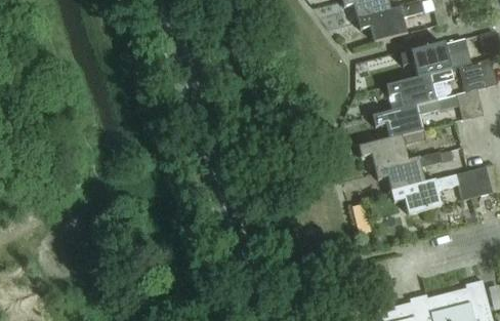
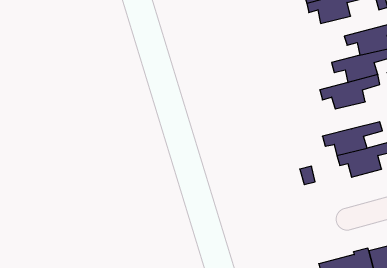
building: [359,128,426,167] -> none

